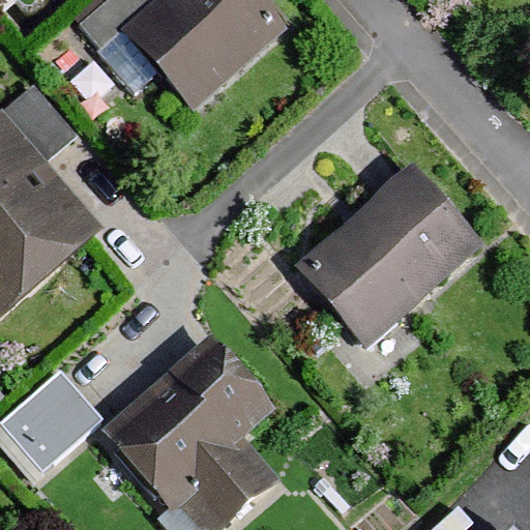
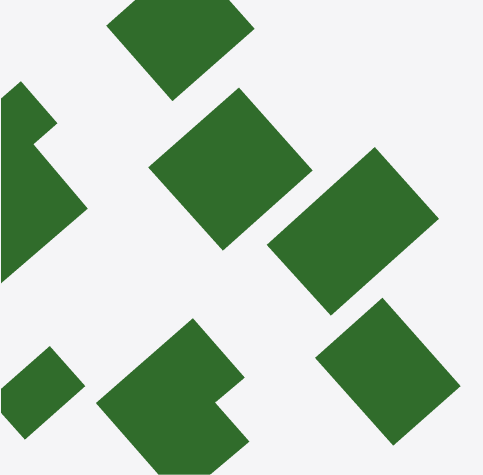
building: none -> [147,86,313,251]
building: none -> [314,297,462,446]

